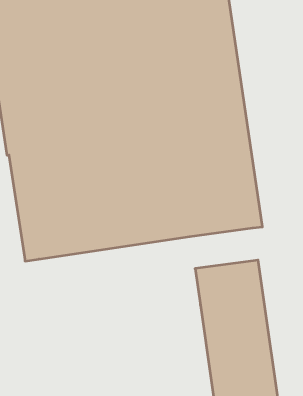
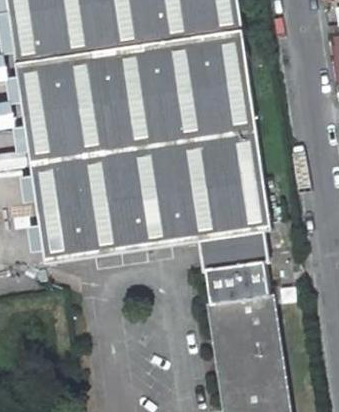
building: none -> [201,231,265,269]

